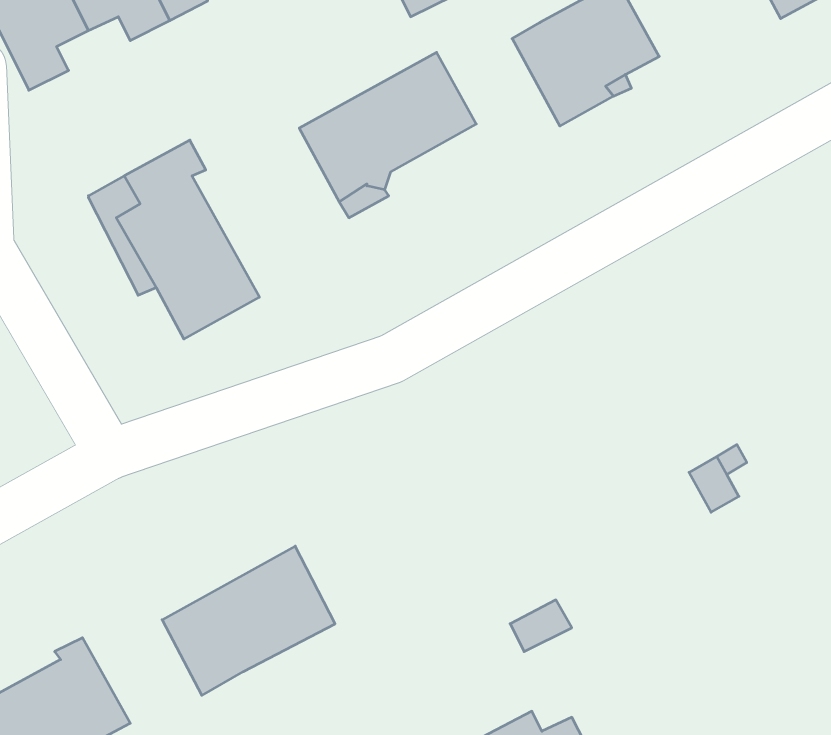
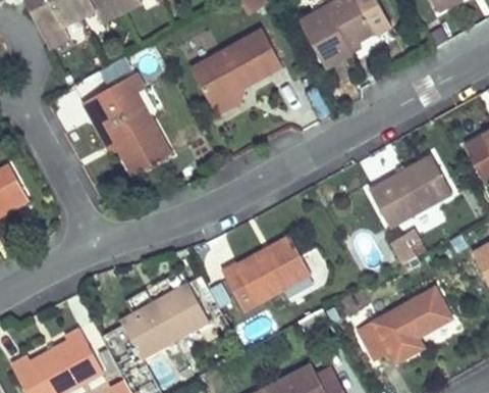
building: none -> [368,154,451,227]
building: none -> [221,237,310,310]
building: none -> [358,287,452,362]

